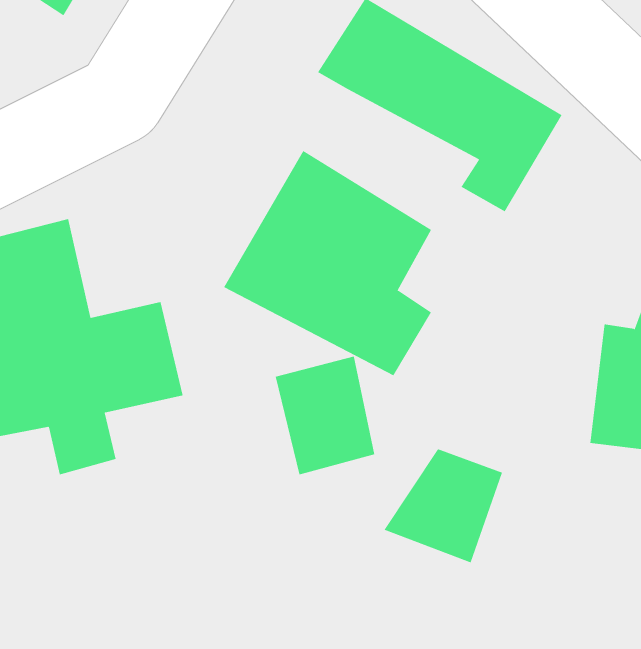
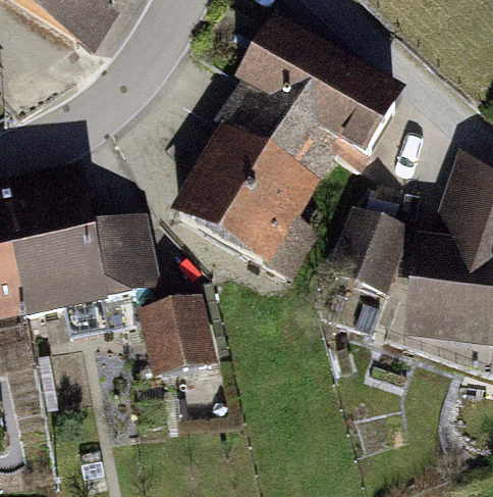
building: none -> [231,89,343,179]
building: [275,356,375,475] -> [148,295,212,371]
building: [383,448,503,563] -> [334,214,410,288]

